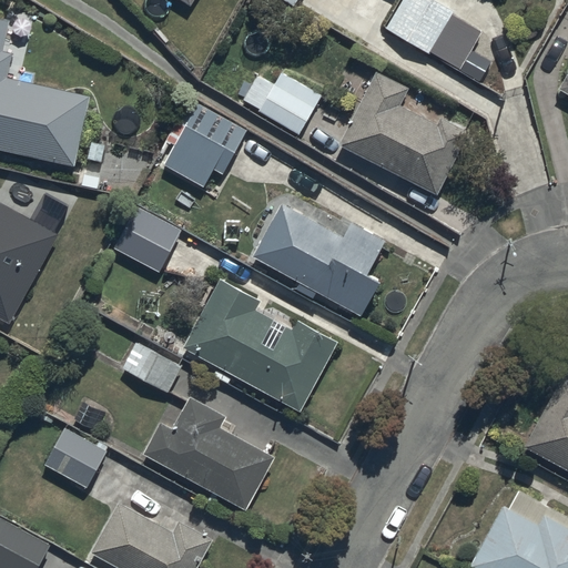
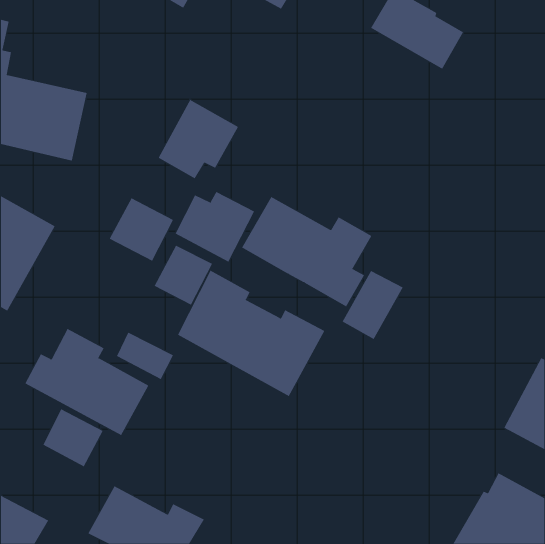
building: [241,64,321,135] -> none
building: [339,73,467,196] -> none
building: none -> [175,191,255,263]
building: none -> [154,245,213,306]
building: none -> [342,270,403,340]
building: [144,398,274,510] -> [24,328,149,436]

